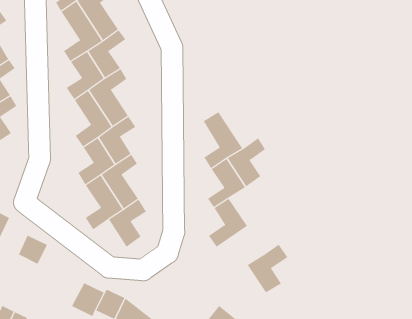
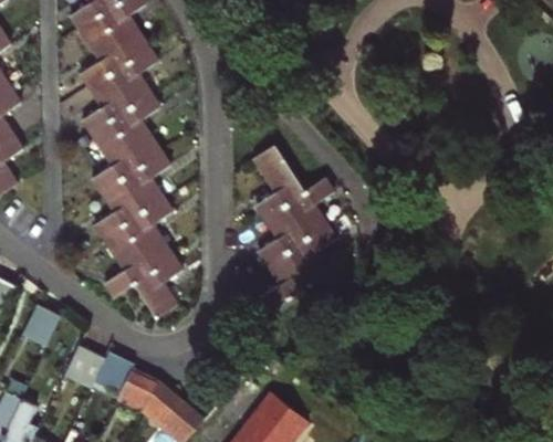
building: [247,244,288,293] -> [283,230,334,291]
building: none -> [61,344,106,389]

